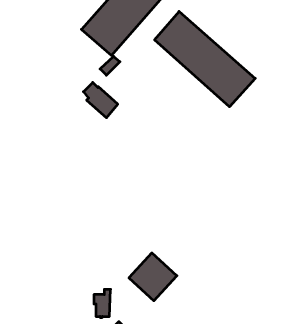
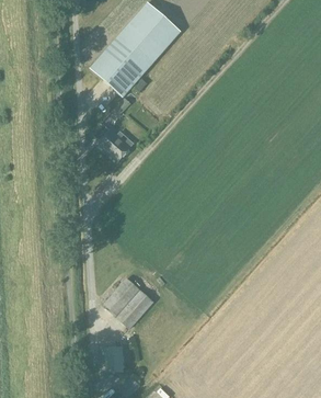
building: [155,11,255,107] -> none
building: [129,253,177,301] -> [103,277,153,328]

